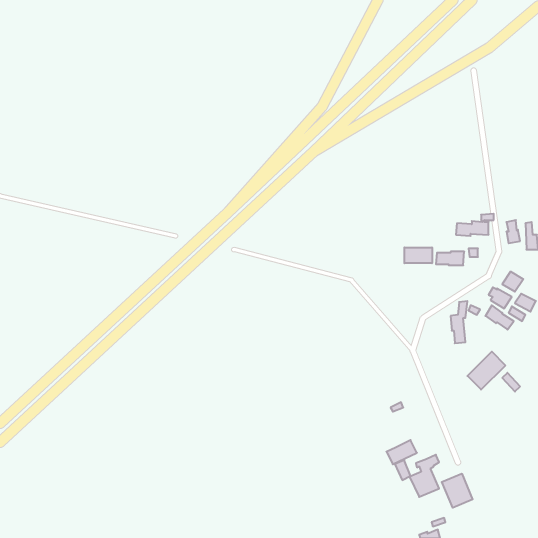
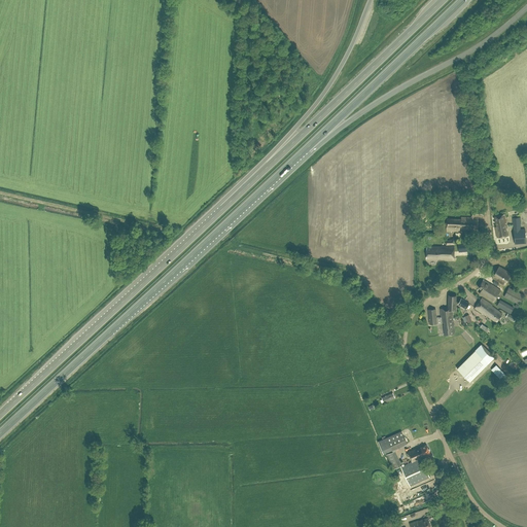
building: [404,247,432,263] -> none
building: [442,474,473,508] -> none

